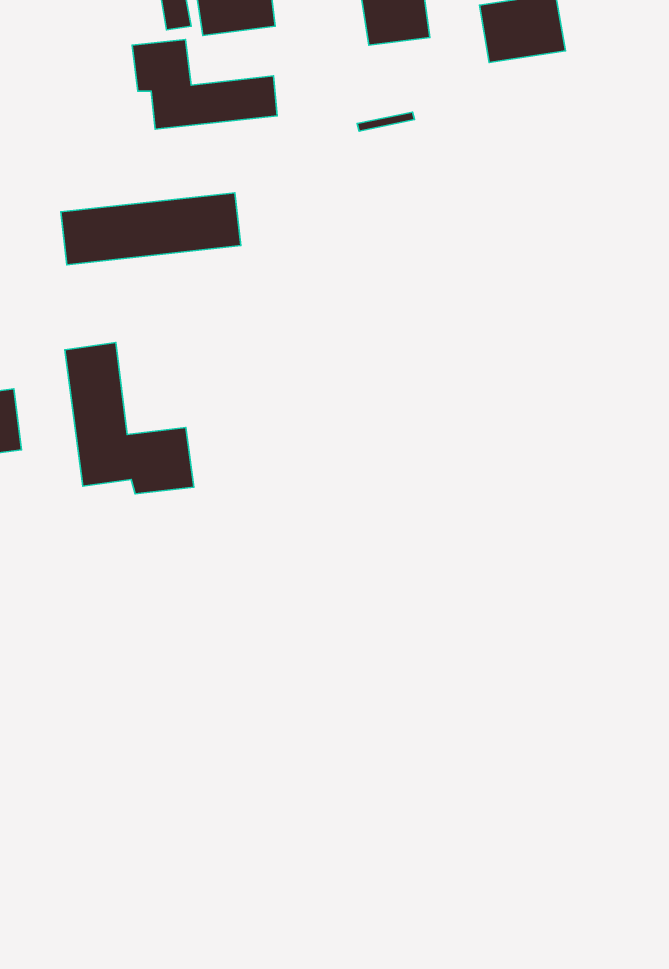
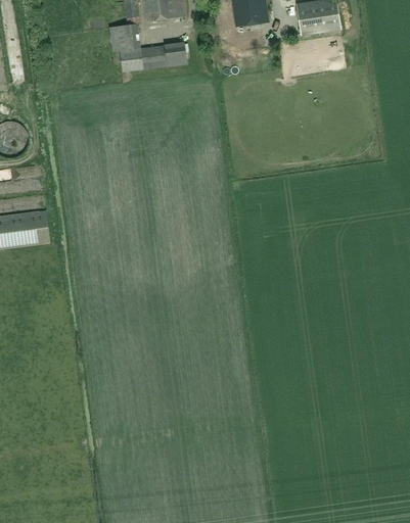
building: [61,193,241,265] -> none
building: [65,343,194,494] -> none

